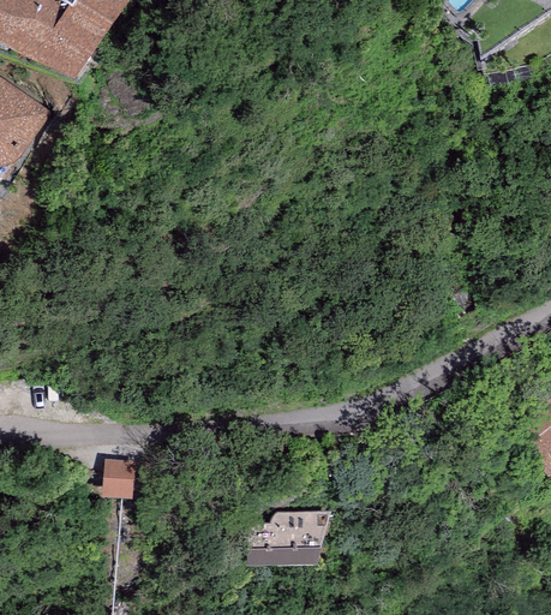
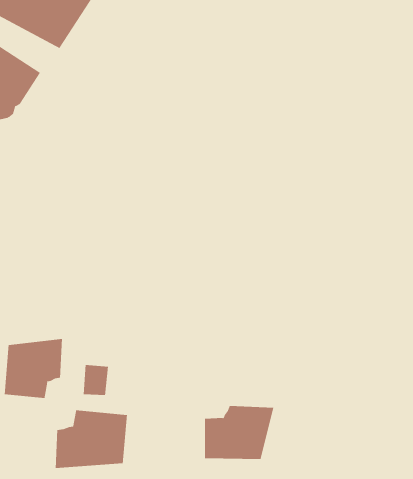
building: none -> [4,338,63,399]
building: none -> [55,410,127,469]

